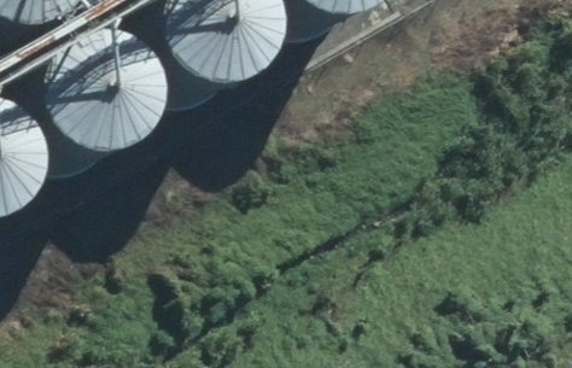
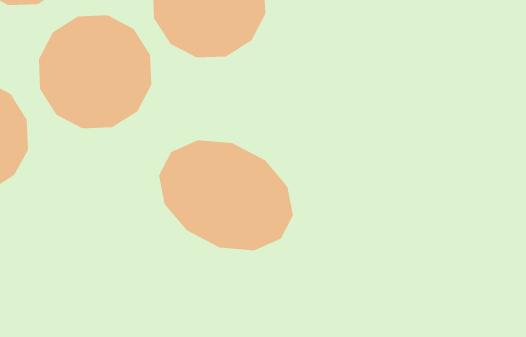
building: none -> [158,140,294,251]

